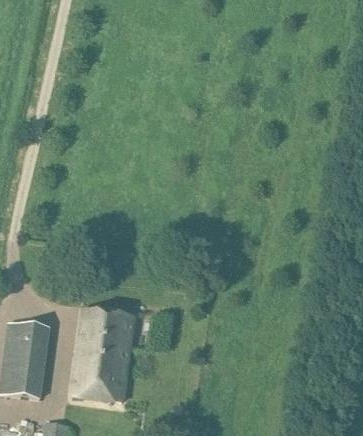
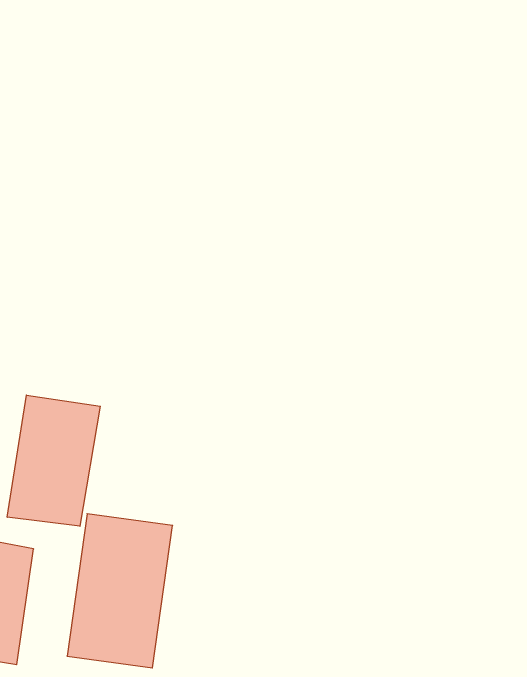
building: none -> [7,395,100,526]

